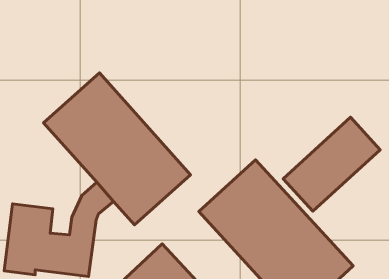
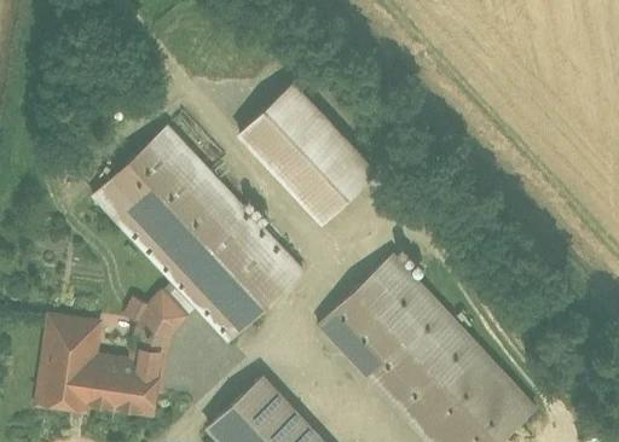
building: none -> [233,82,378,229]
building: [283,117,380,211] -> none

